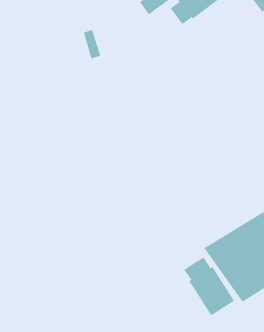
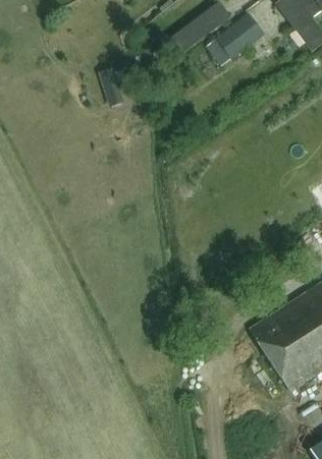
building: [184,256,235,316] -> none

